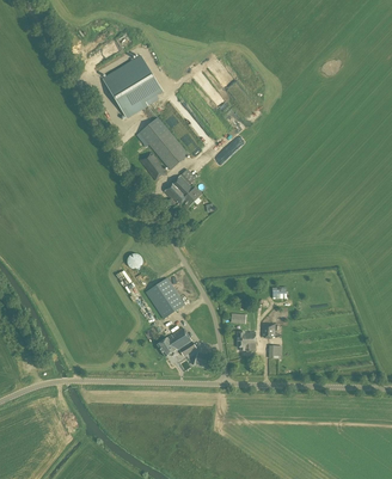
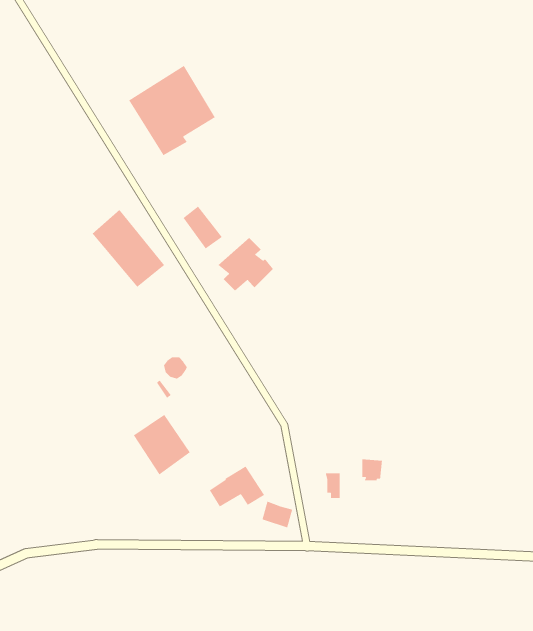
building: [137,115,188,168] -> [92,209,165,288]
building: [145,276,184,318] -> [133,414,191,475]

